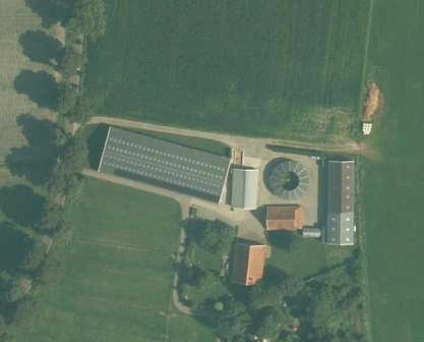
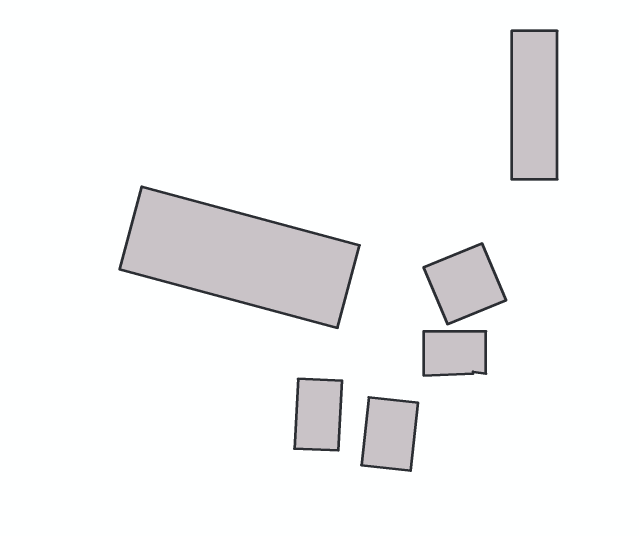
building: [327,160,353,242] -> [512,31,557,179]
building: [231,168,257,208] -> [294,379,342,450]

